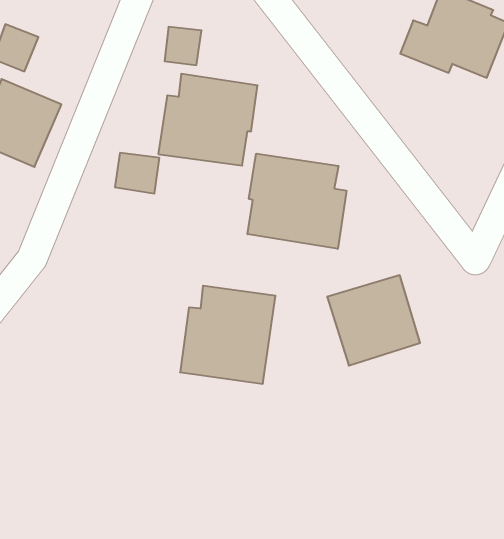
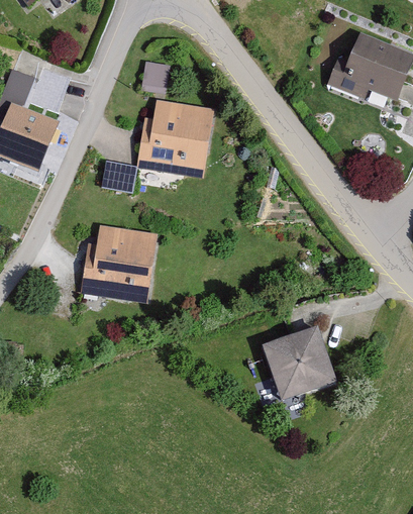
building: [248,154,346,249] -> none
building: [327,275,420,366] -> [262,326,335,398]
building: [180,286,276,384] -> [80,223,156,301]

